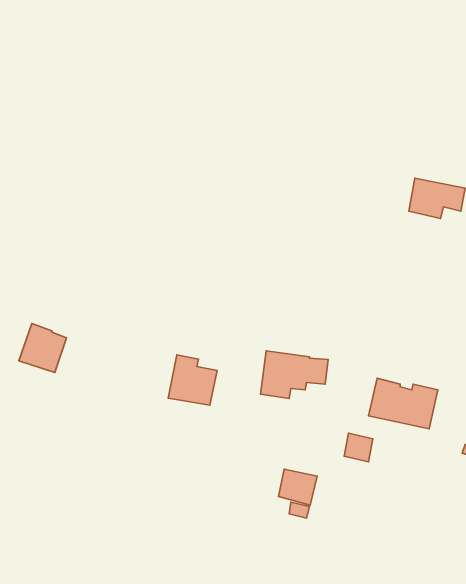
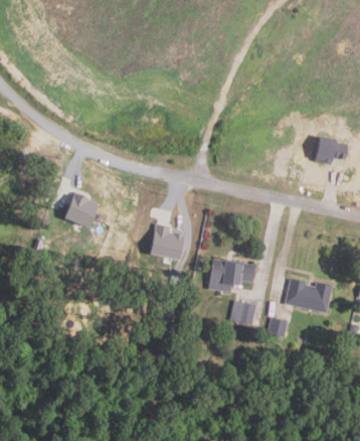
building: [19,323,66,372] -> [65,192,99,227]
building: [168,355,217,405] -> [150,224,184,259]
building: [278,469,317,505] -> [229,299,256,324]

